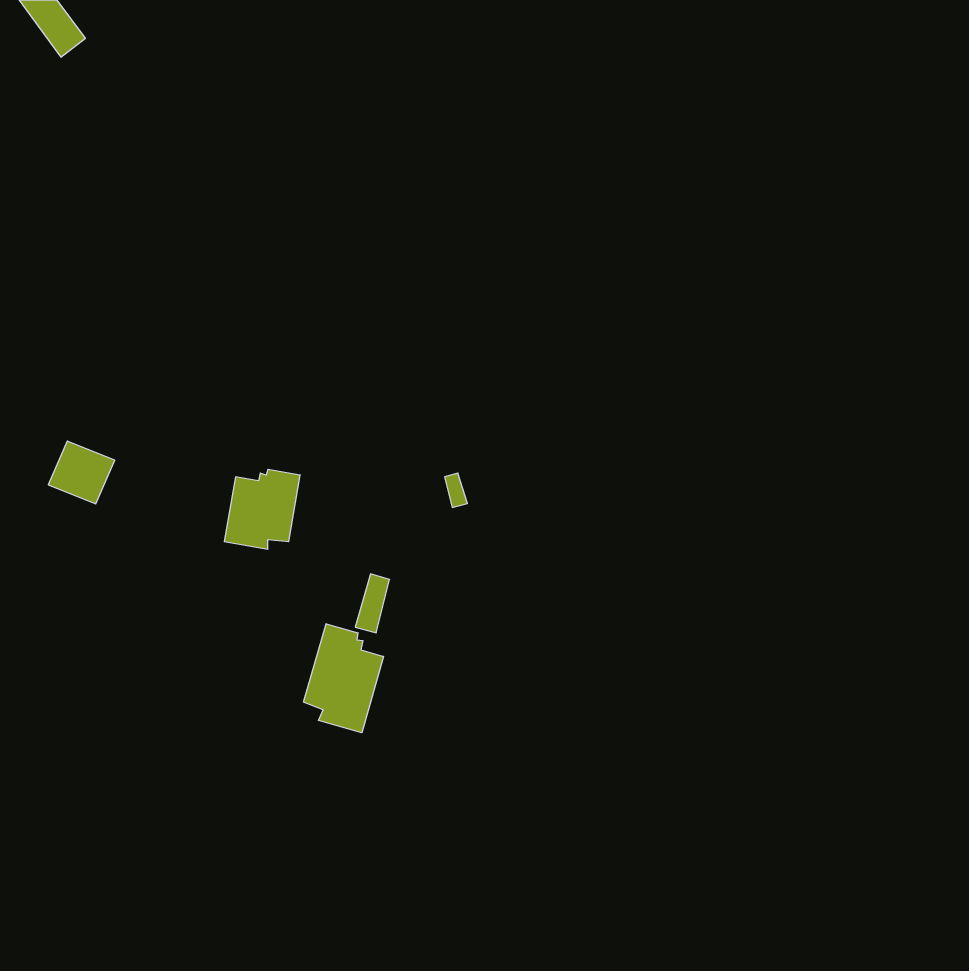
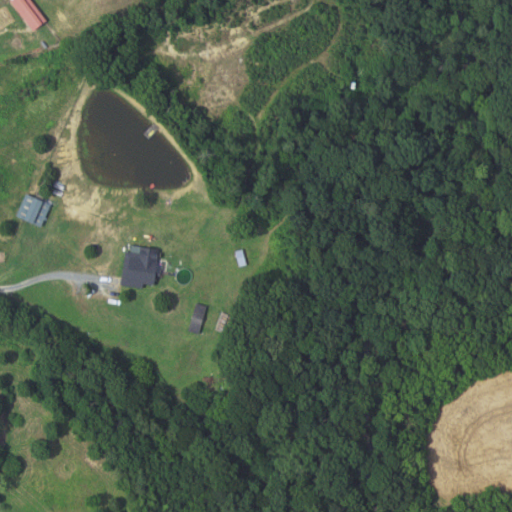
building: [48,441,115,504] -> [15,194,50,227]
building: [303,624,383,733] -> none

